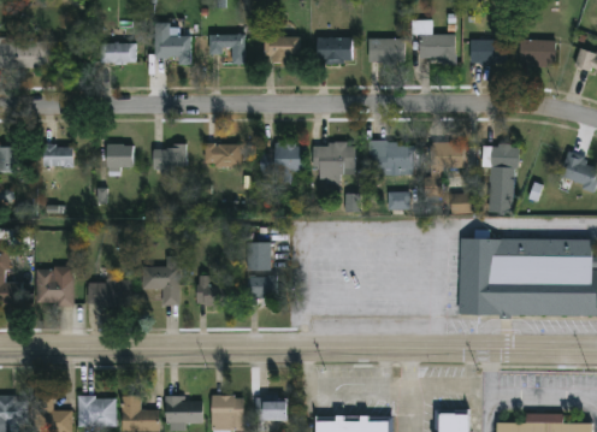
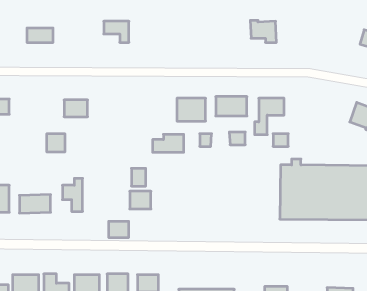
building: [155,24,190,65] -> none
building: [264,37,300,63] -> none
building: [315,39,351,64] -> none
building: [367,40,403,63] -> none
building: [471,40,508,65] -> none
building: [519,41,555,65] -> none
building: [106,144,132,170] -> [47,134,65,152]
building: [205,144,240,167] -> none
building: [487,146,518,214] -> none
building: [259,147,303,172] -> [153,134,184,152]
building: [197,284,226,307] -> [109,221,129,237]

